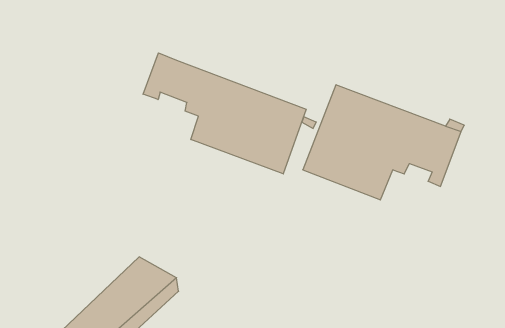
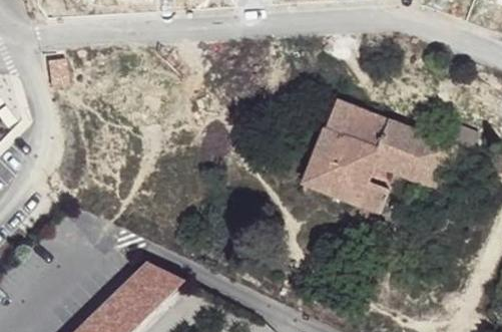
building: [143,53,306,174] -> none

